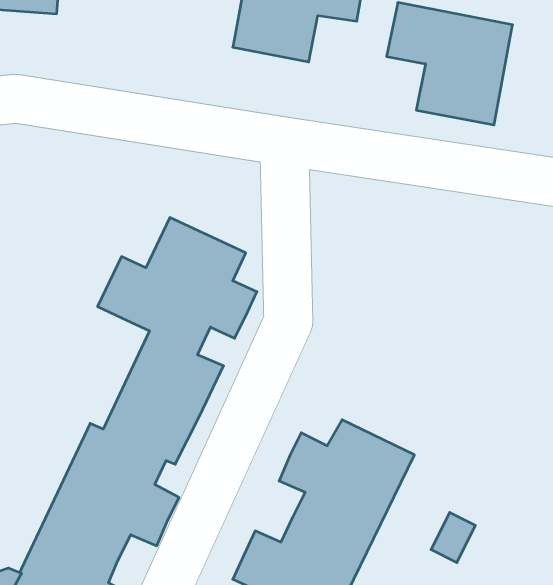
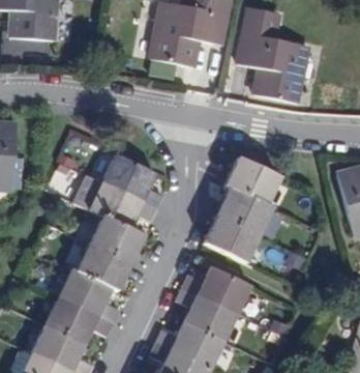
building: none -> [203,156,278,262]

